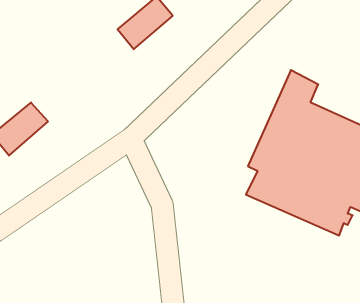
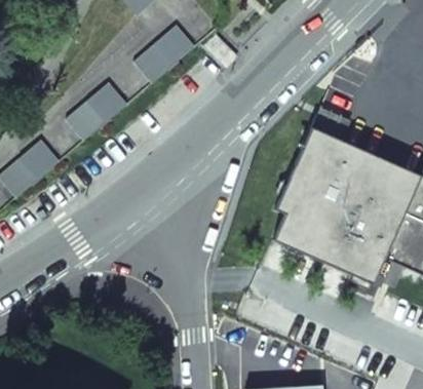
building: none -> [66,83,125,141]

